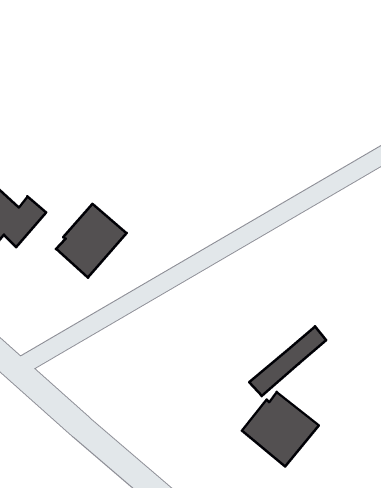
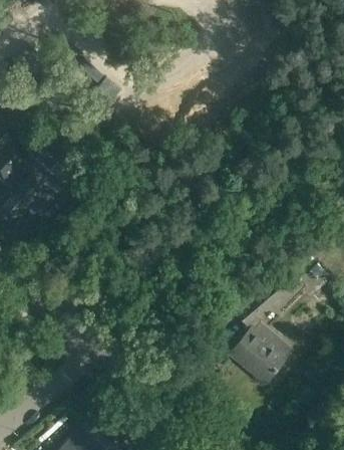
building: [56,204,127,278] -> none

